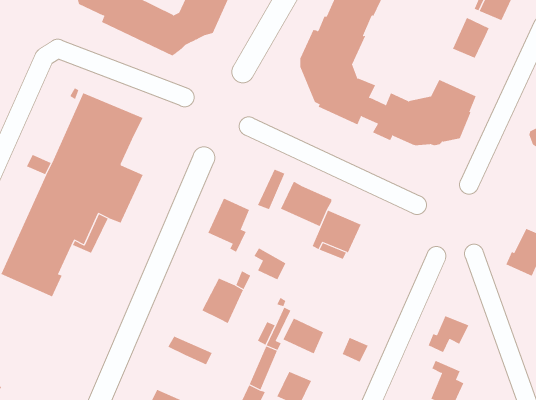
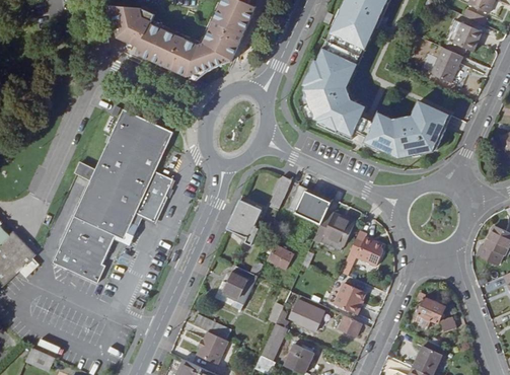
building: none -> [349,229,382,265]
building: none -> [335,282,366,313]
building: none -> [197,330,228,363]

